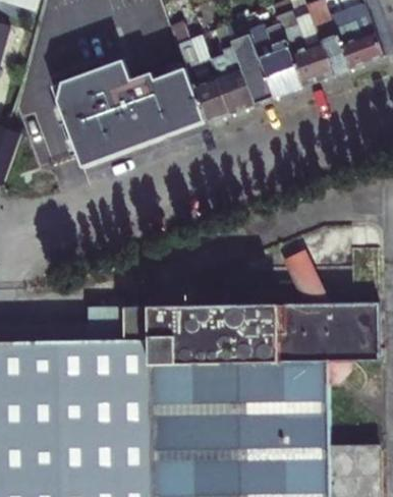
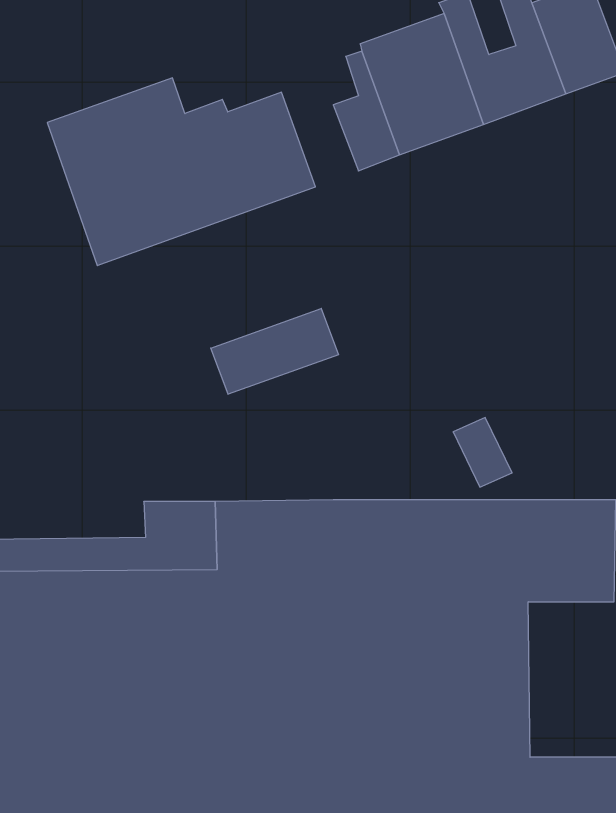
building: [171,25,230,123] -> none
building: none -> [211,308,339,394]

